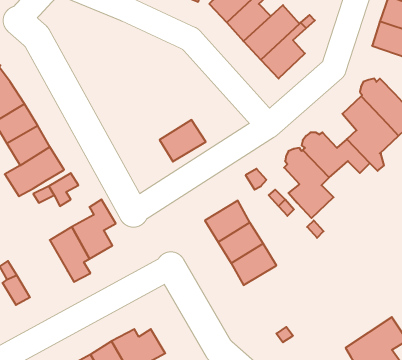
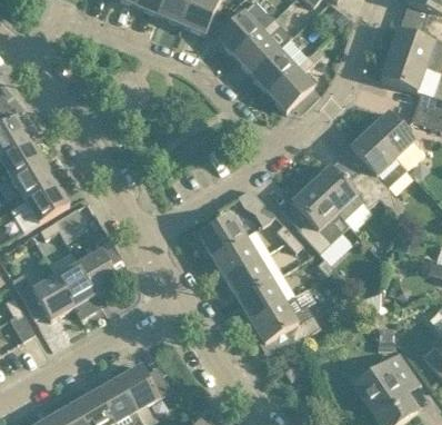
building: [160,120,206,162] -> [199,212,245,255]
building: none -> [12,271,73,319]
building: none -> [251,295,321,344]

